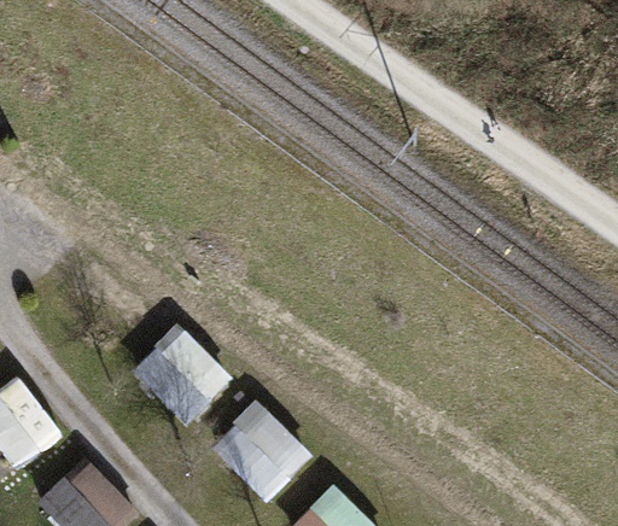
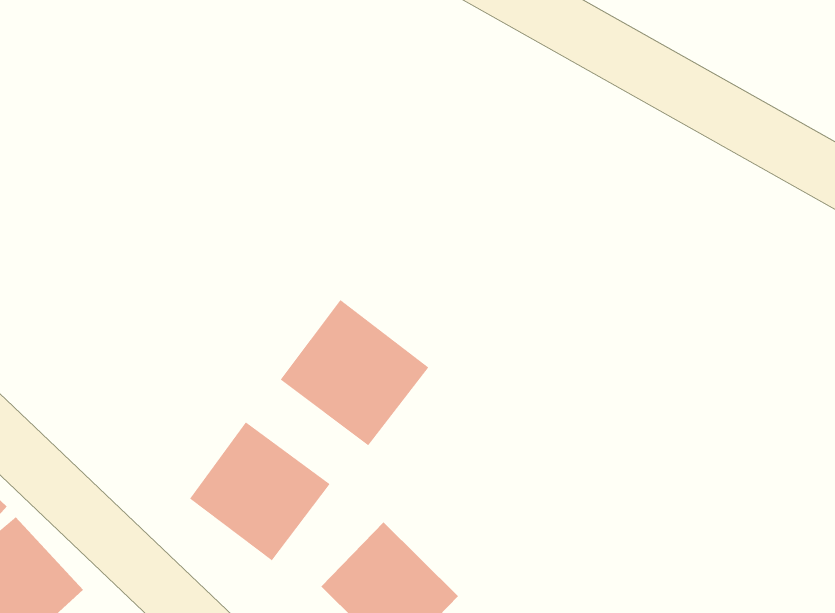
building: none -> [280,299,429,446]

